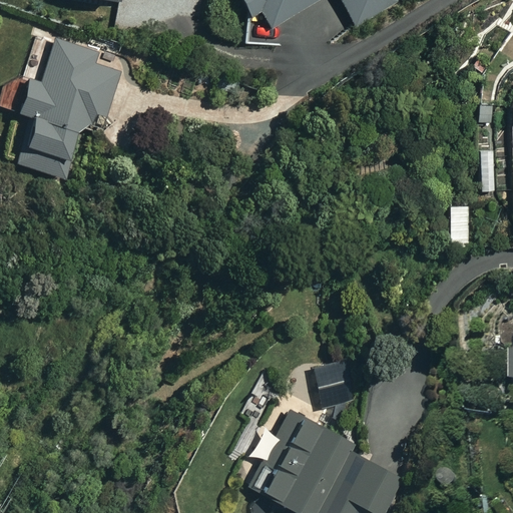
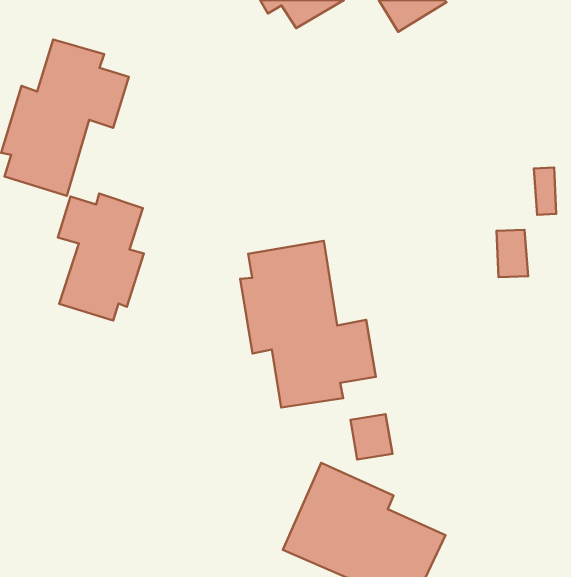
building: none -> [58,194,144,321]
building: none -> [240,241,376,408]

